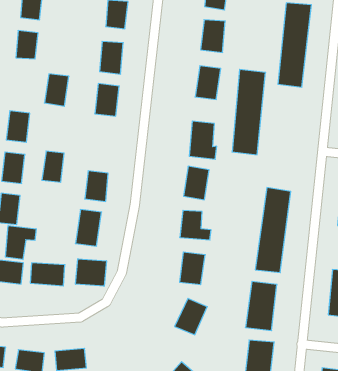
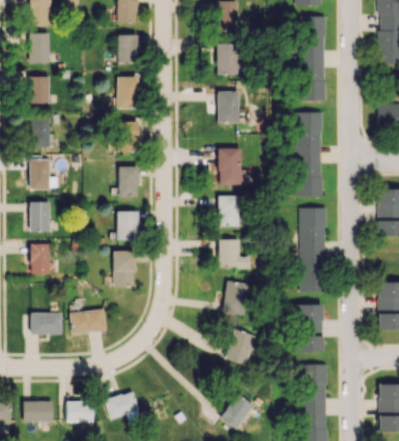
building: [232,69,266,155] -> [295,112,323,197]
building: [44,74,69,106] -> [29,117,51,148]
building: [42,151,64,182] -> [118,167,138,197]
building: [5,226,36,260] -> none
building: [76,259,106,286] -> none

